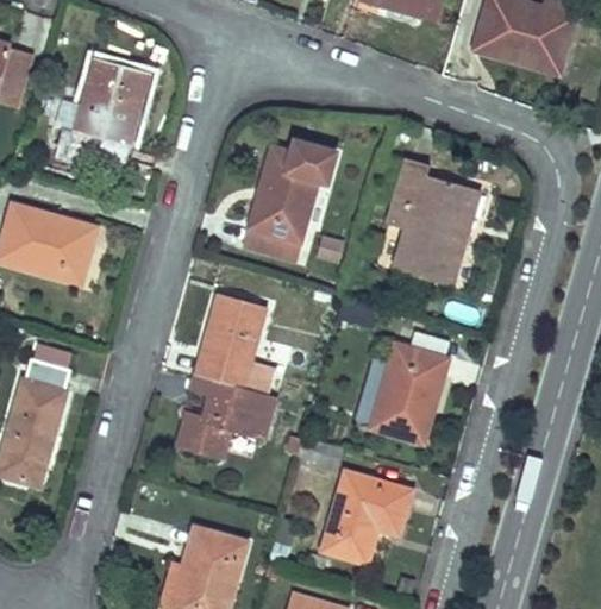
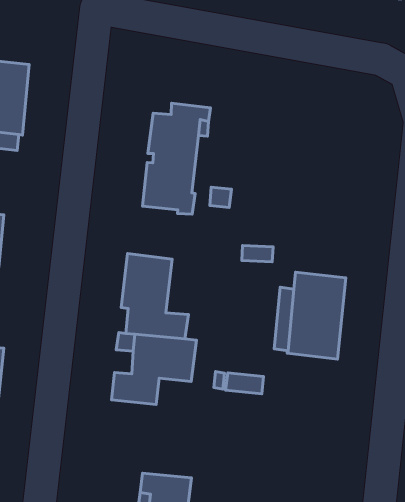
building: [389,158,476,287] -> none
building: [324,472,411,563] -> none

